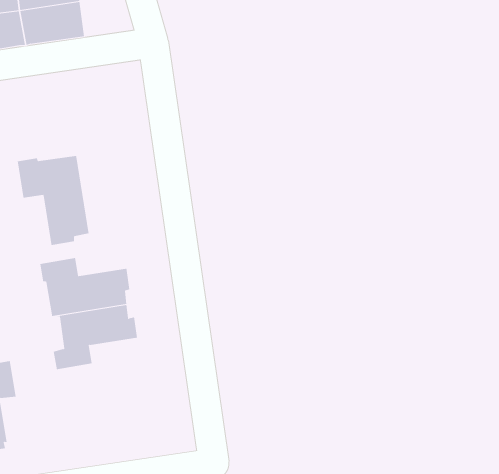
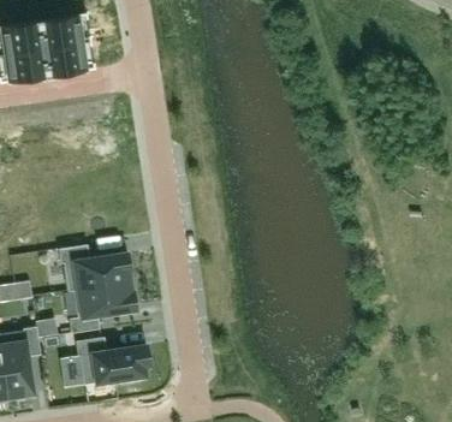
building: [17,155,89,246] -> none
building: none -> [75,338,148,385]

